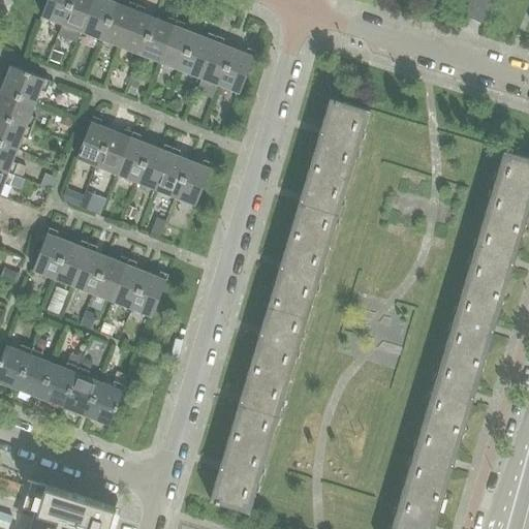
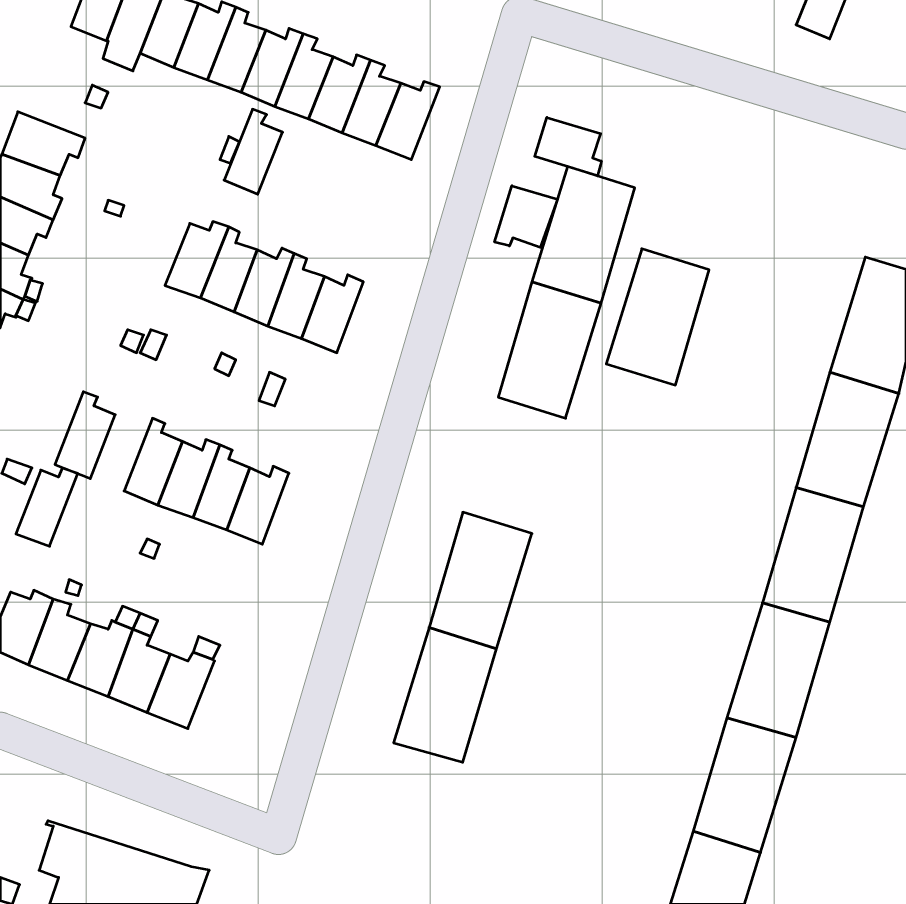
building: none -> [535,117,601,176]
building: none -> [495,186,557,247]
building: [76,117,111,166] -> [224,109,283,194]
building: [270,231,330,311] -> [606,249,709,385]
building: [53,241,89,286] -> [16,468,78,546]
building: [210,433,270,511] -> none

